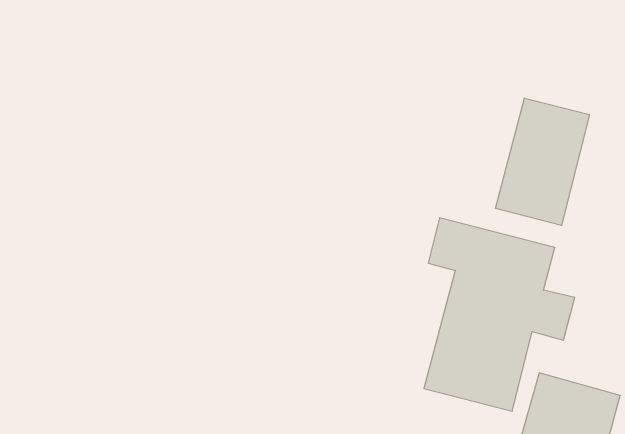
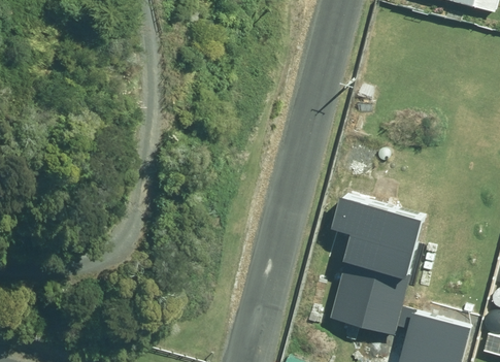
building: [496,98,589,226] -> none

